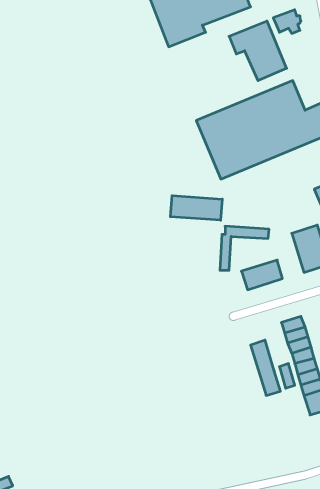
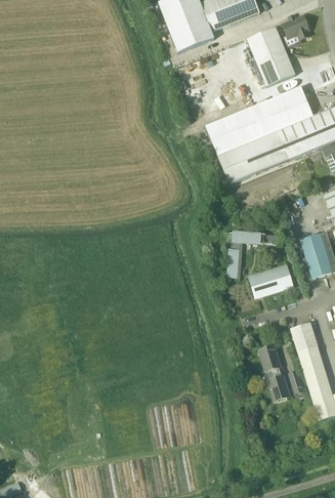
building: [170,196,222,220] -> none

